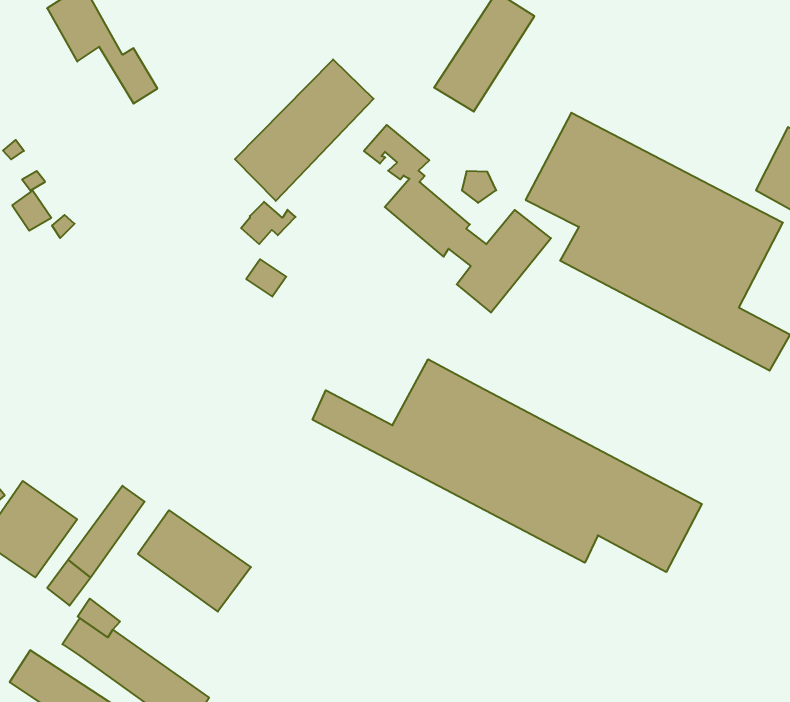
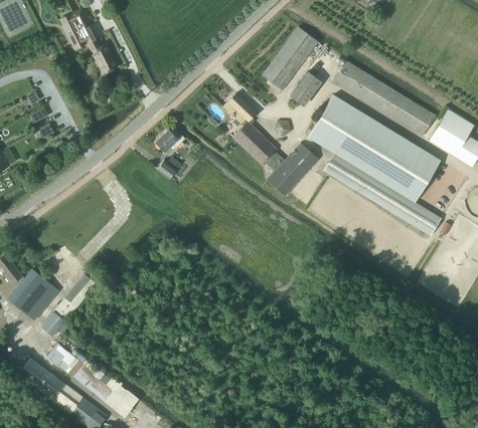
building: none -> [333,60,436,136]
building: [235,59,374,201] -> none
building: none -> [291,69,322,105]
building: [313,359,702,572] -> none
building: [138,510,251,612] -> none

